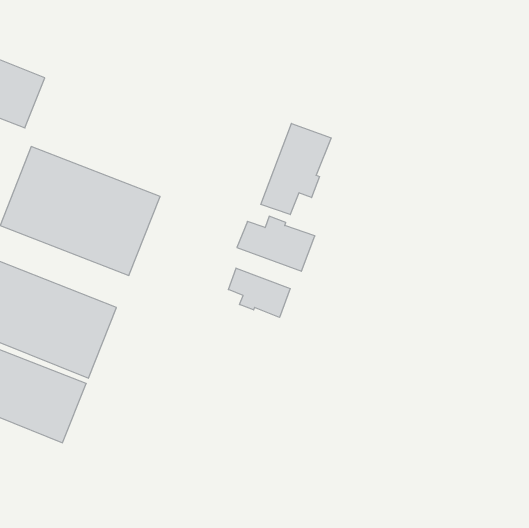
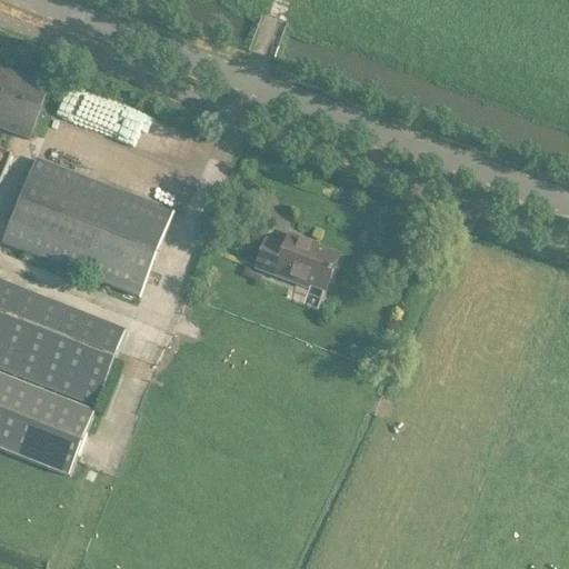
building: [261,123,331,215] -> none
building: [228,268,290,317] -> none

